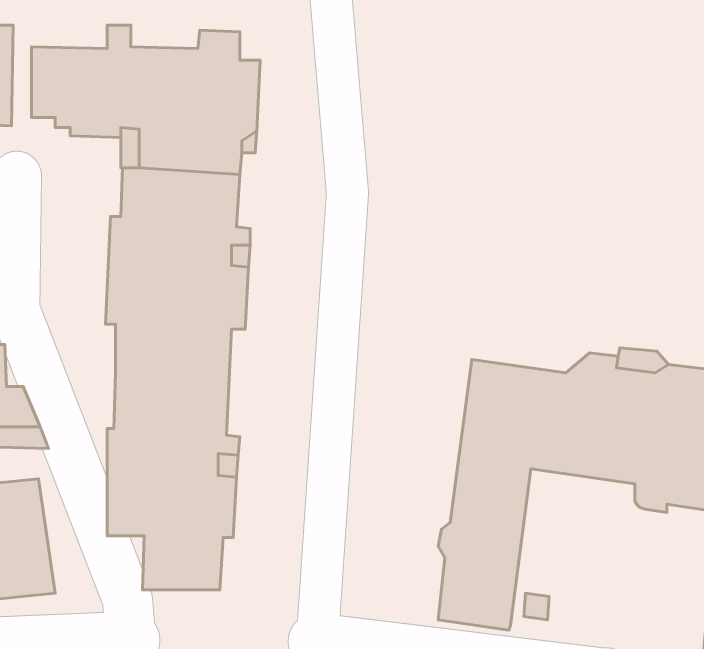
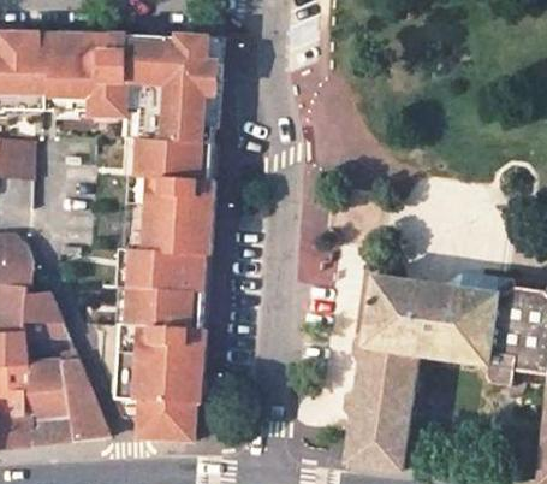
building: none -> [43,35,112,107]
building: none -> [129,35,222,60]
building: none -> [63,360,111,442]

